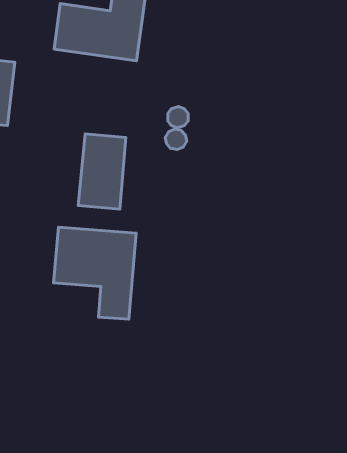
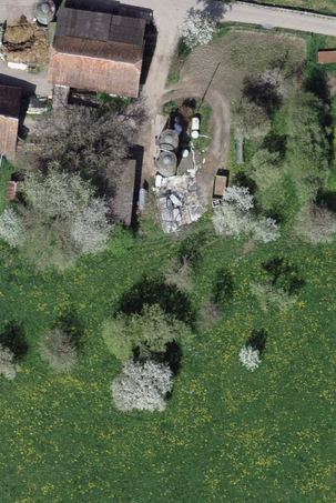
building: [54,227,136,319] -> none

